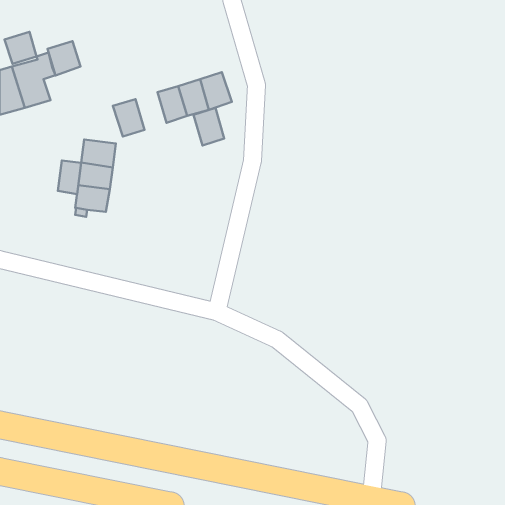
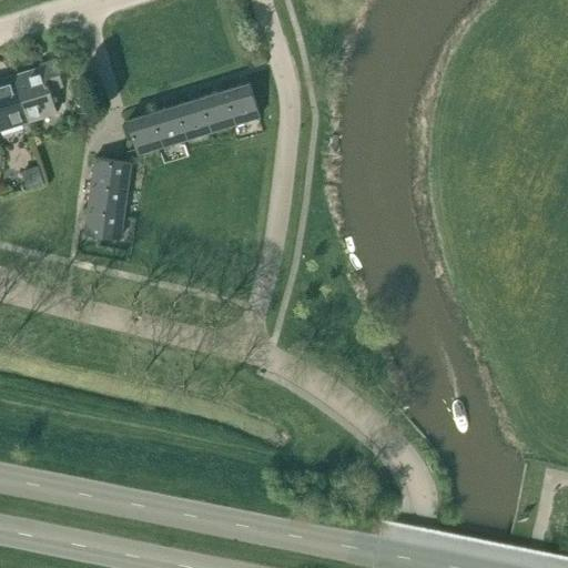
building: [4,32,37,64] -> none
building: [48,41,81,76] -> none
building: [194,108,224,145] -> [152,104,186,146]
building: [58,161,81,194] -> none

